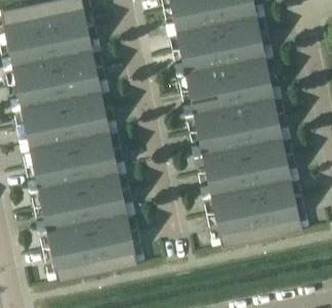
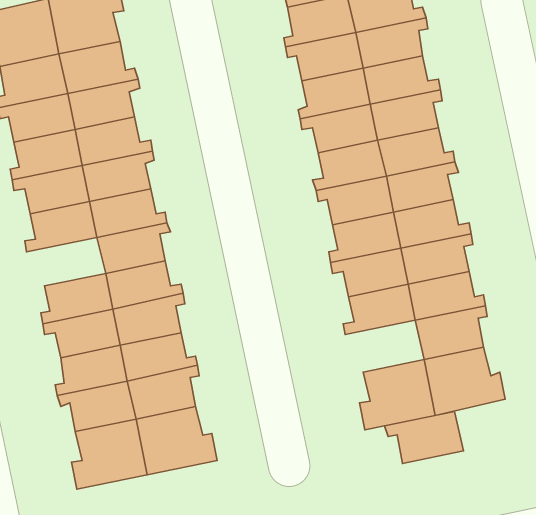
building: [29,140,74,168] -> none
building: [210,187,255,217] -> [384,411,464,464]

